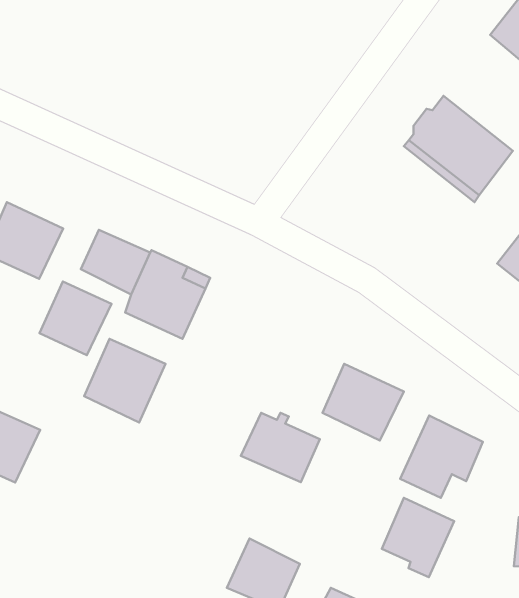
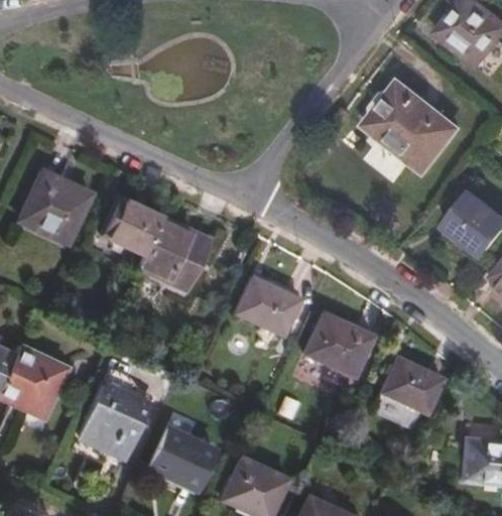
building: [40,282,112,355] -> none
building: [84,339,166,422] -> [81,386,149,457]
building: [241,413,320,482] -> [238,269,304,328]
building: [382,498,454,577] -> none
building: none -> [152,433,216,491]

